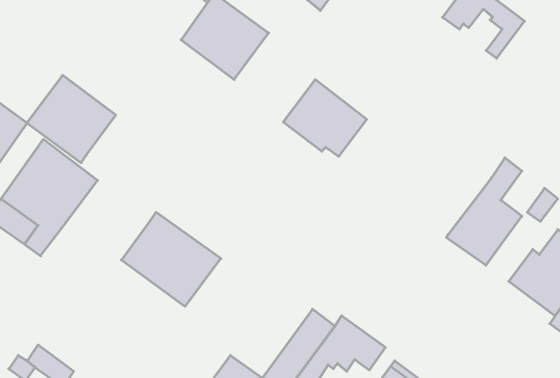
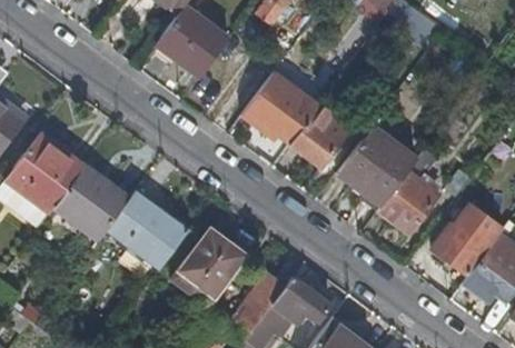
building: [27,75,116,163] -> [55,165,129,238]
building: none -> [286,107,348,171]
building: none -> [335,129,415,210]
building: none -> [177,227,240,294]

